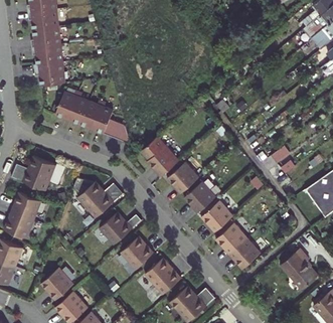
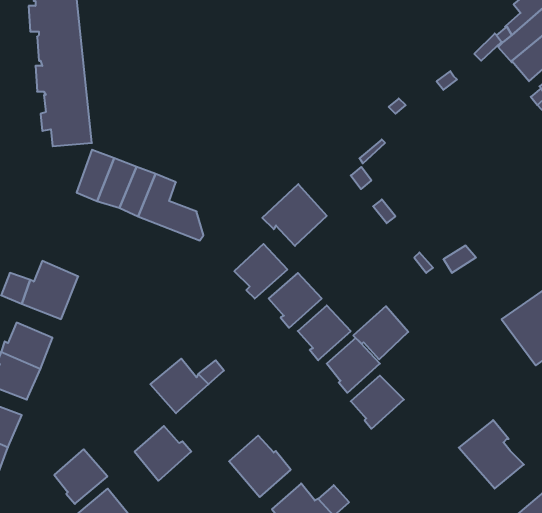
building: none -> [262,184,327,246]
building: [77,183,114,218] -> none
building: [121,237,154,270] -> [135,426,191,481]
building: [228,237,261,269] -> [353,306,408,359]

